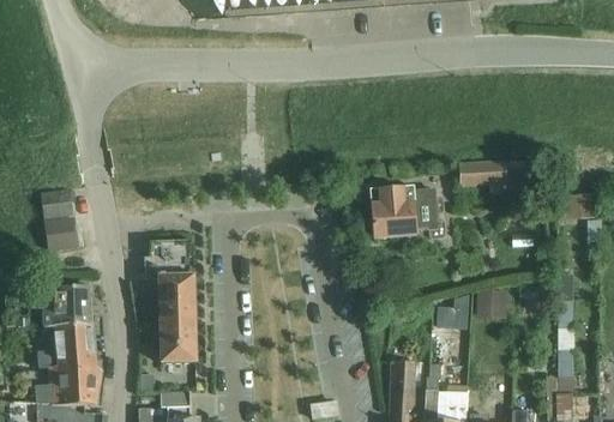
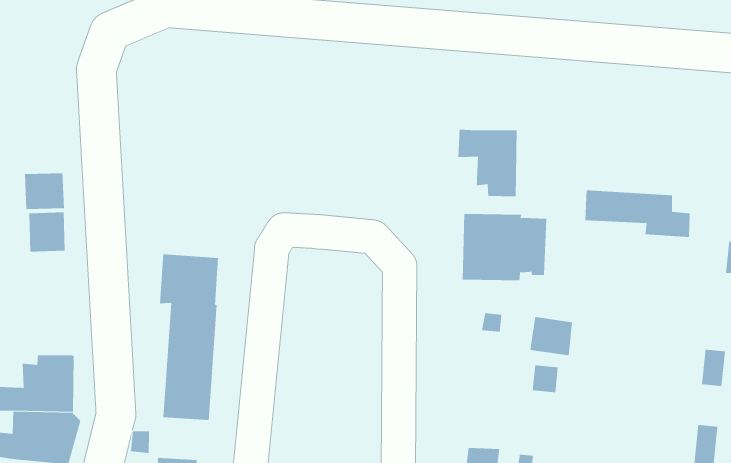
building: none -> [458,129,517,197]
building: [43,285,91,333] -> none
building: [474,290,504,316] -> [530,317,573,356]

